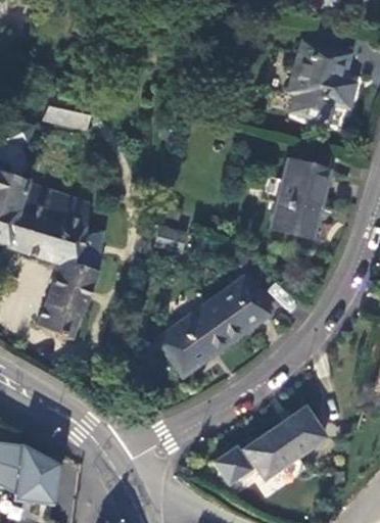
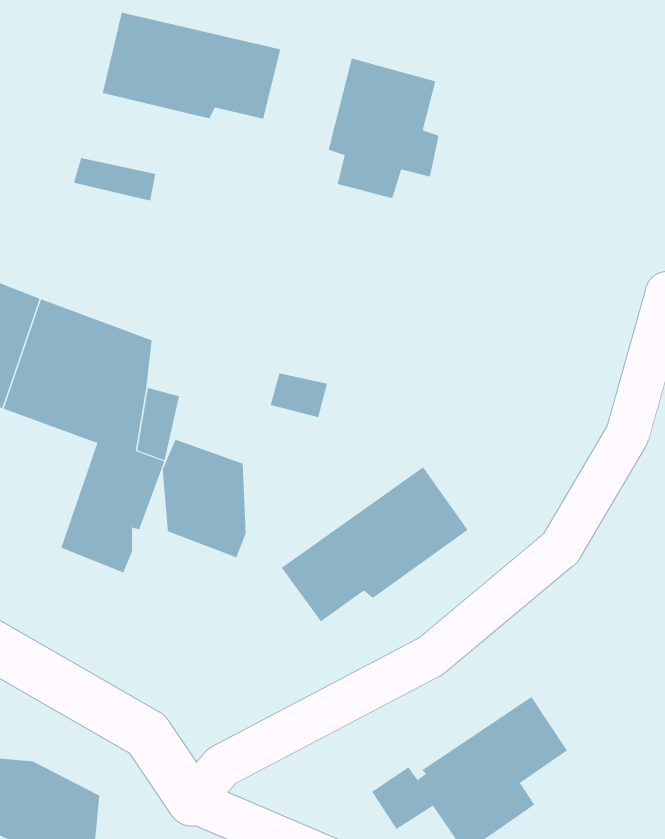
building: none -> [102,12,281,119]
building: [290,41,353,121] -> [328,58,440,199]
building: [274,159,332,239] -> none
building: none -> [162,439,246,558]

